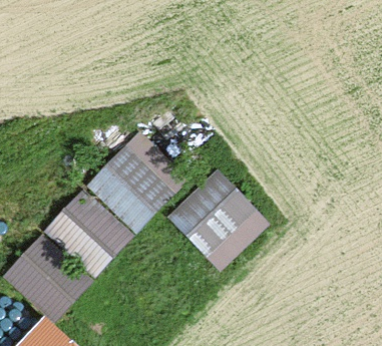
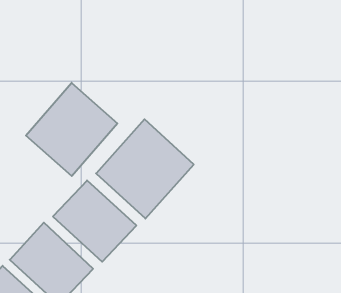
building: none -> [26,83,117,176]
building: [168,171,269,269] -> none

